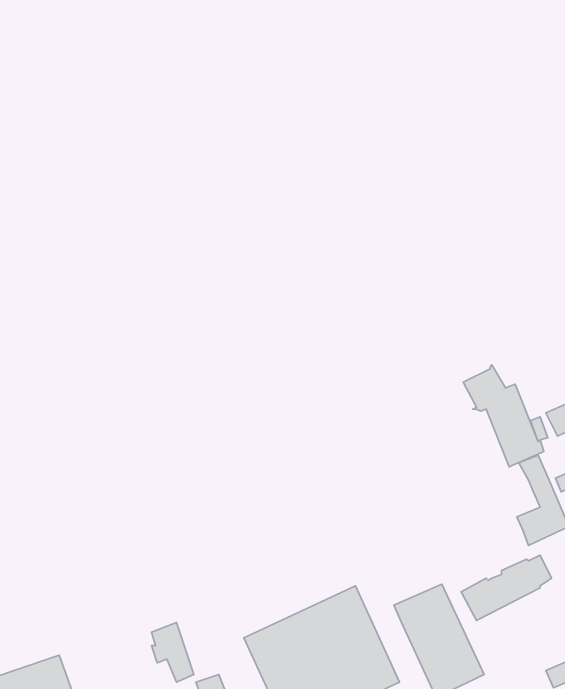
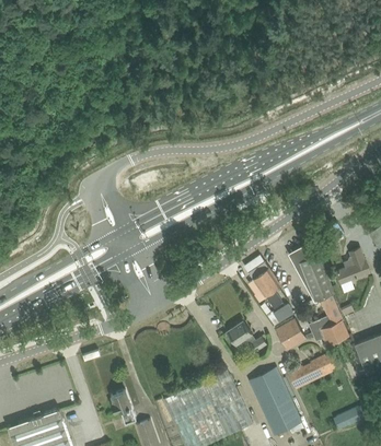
building: none -> [247,261,282,308]
building: none -> [275,318,305,350]
building: none -> [227,321,266,352]

